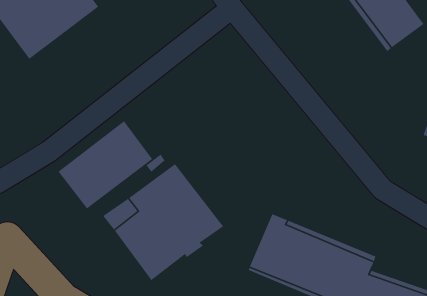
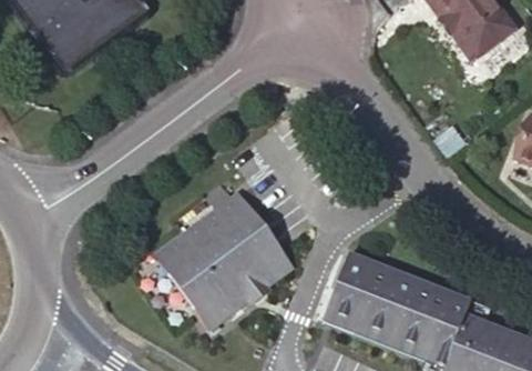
building: [58,120,153,209] -> none

